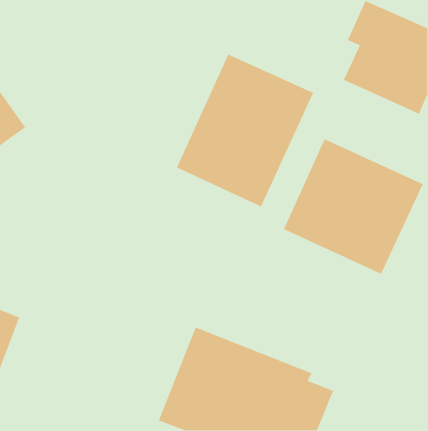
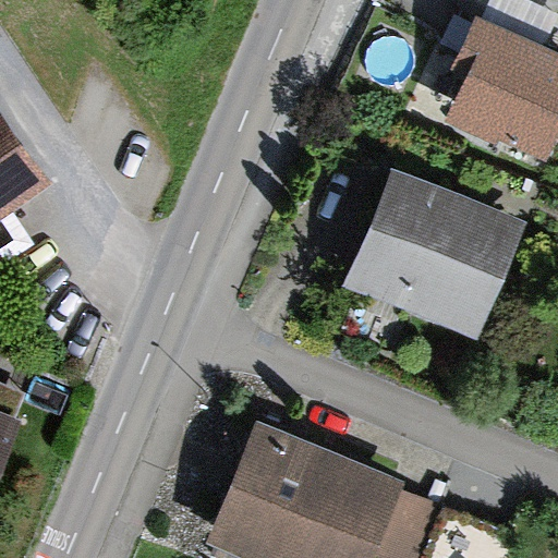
building: [176,54,314,208] -> none

